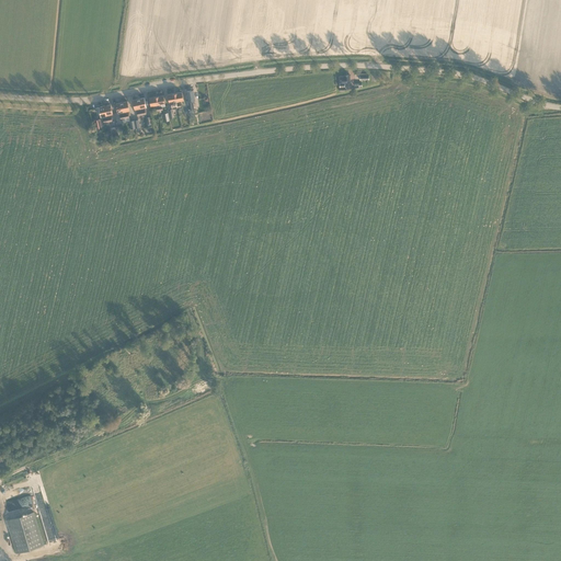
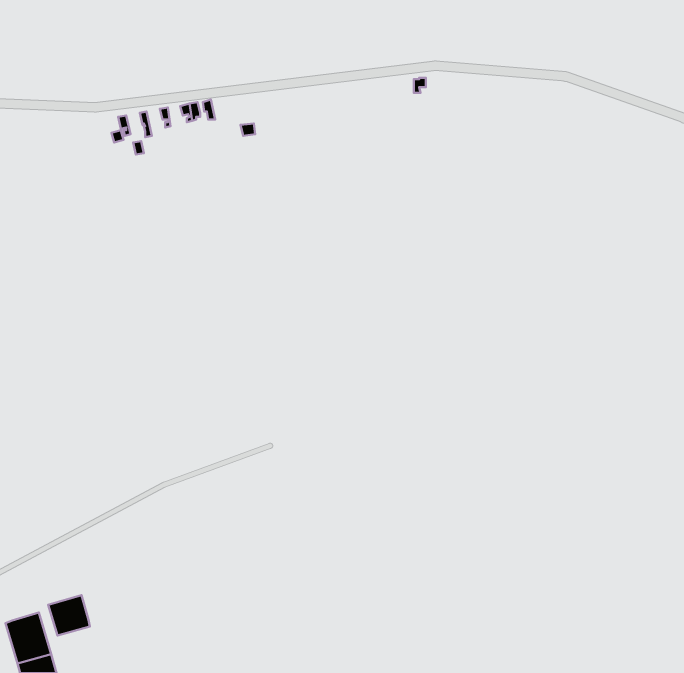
building: none -> [48,595,90,635]

